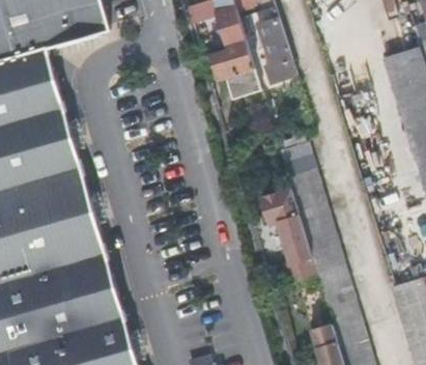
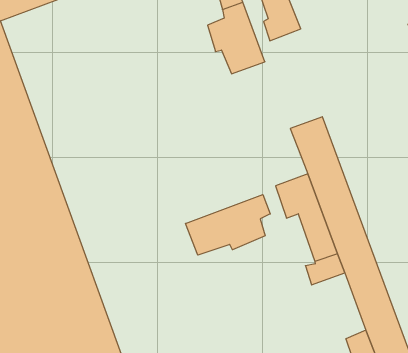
building: none -> [186,195,270,255]

